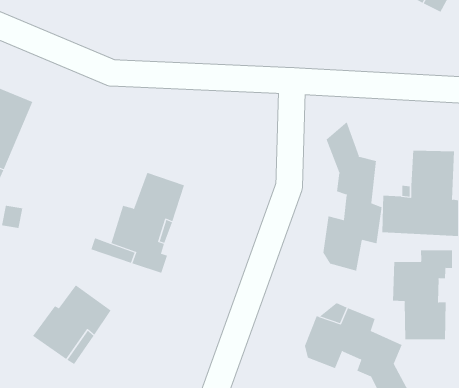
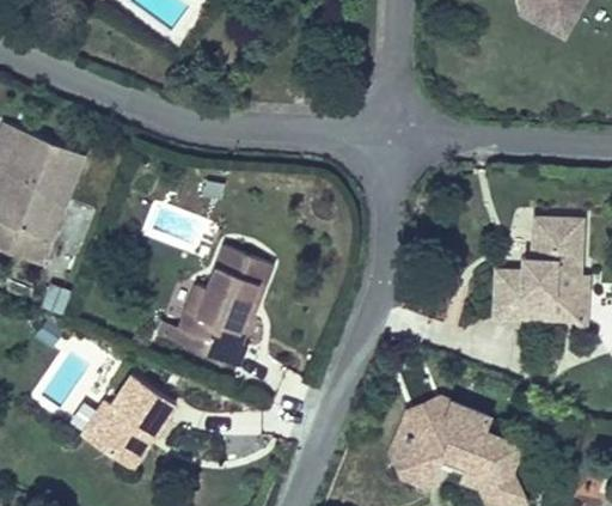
building: [323,121,382,272] -> none
building: [393,249,453,340] -> none
building: none -> [392,408,441,488]

